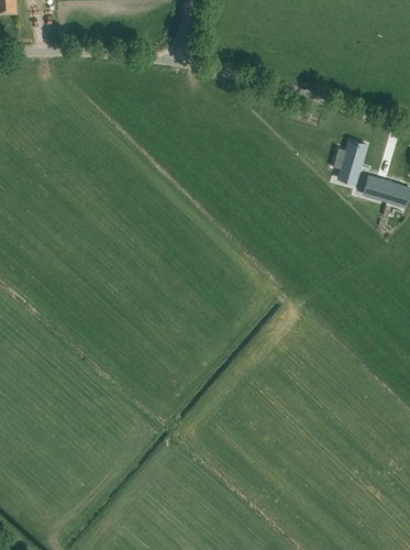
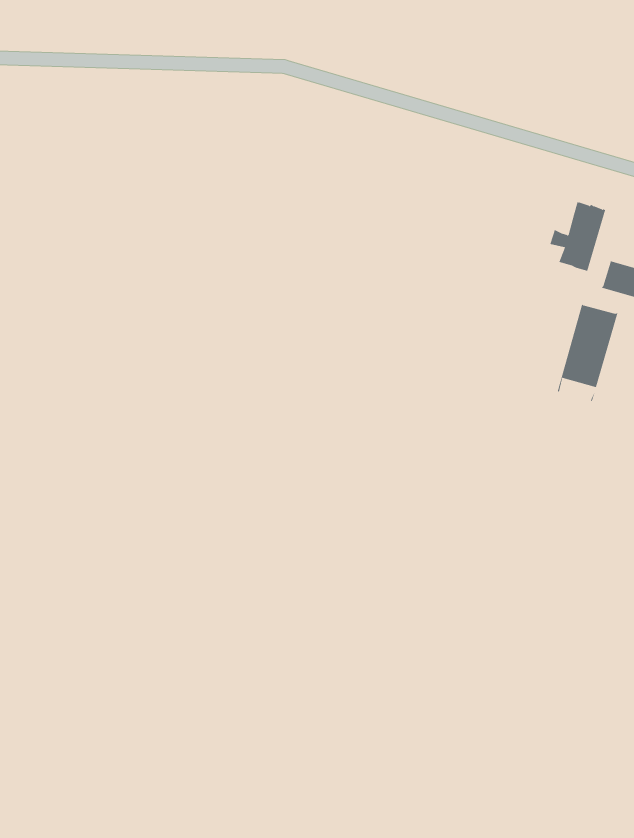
building: none -> [557,304,618,402]

